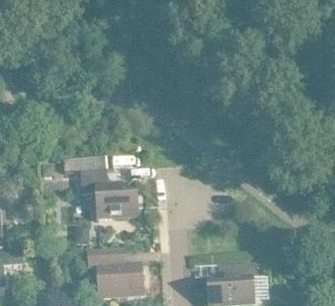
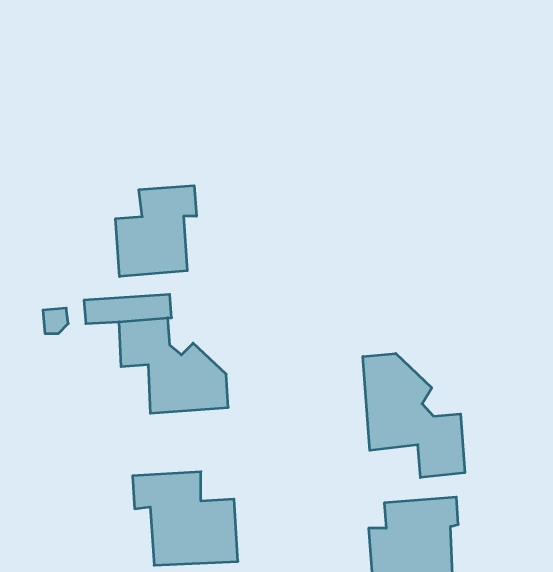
building: none -> [116,186,196,277]
building: none -> [363,353,465,478]

